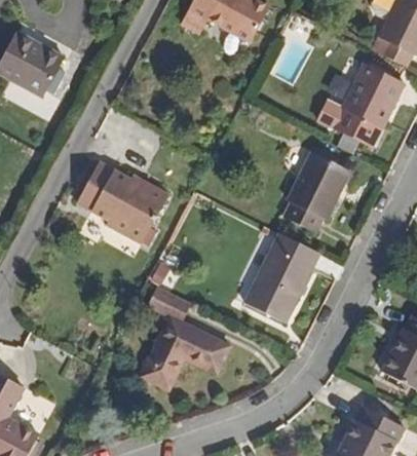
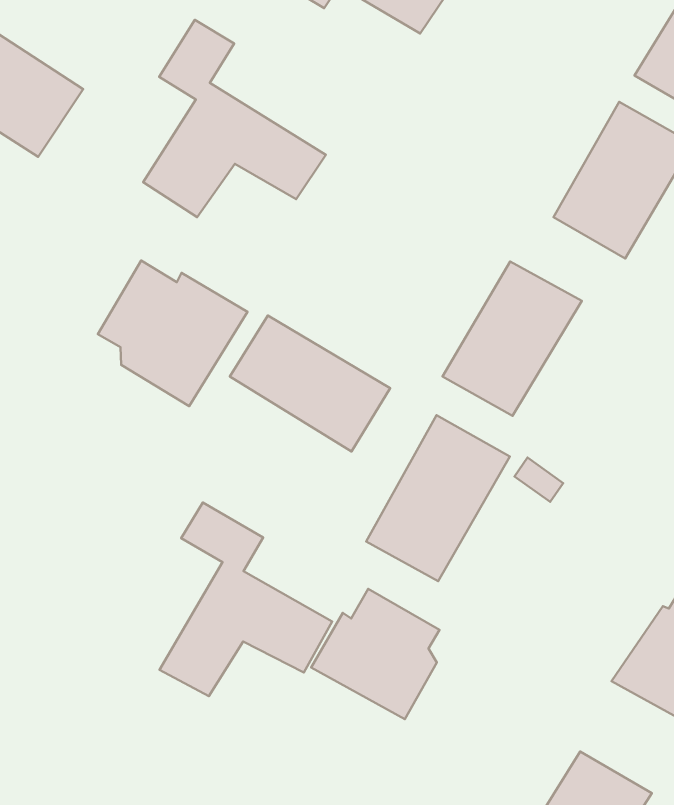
building: none -> [143,20,326,217]
building: none -> [230,315,390,452]
building: none -> [311,589,440,719]

